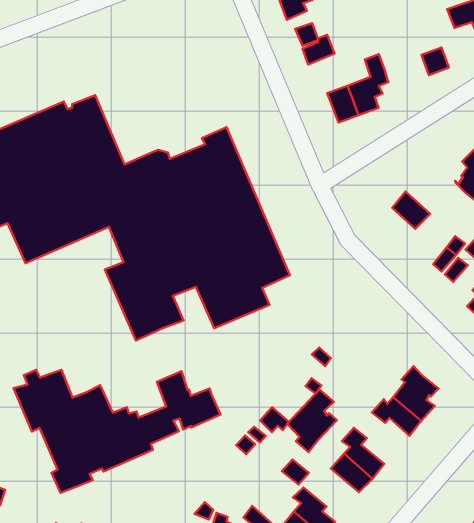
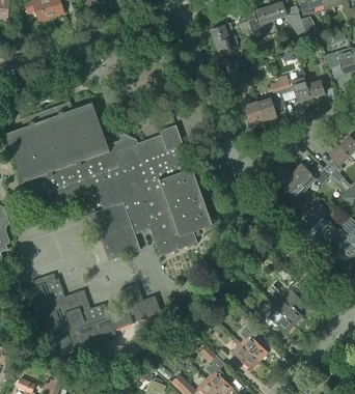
building: none -> [276,76,310,102]
building: none -> [291,163,330,189]
building: [287,389,337,452] -> none

